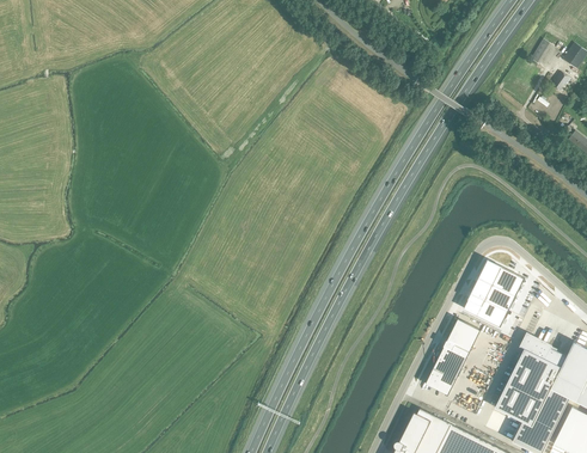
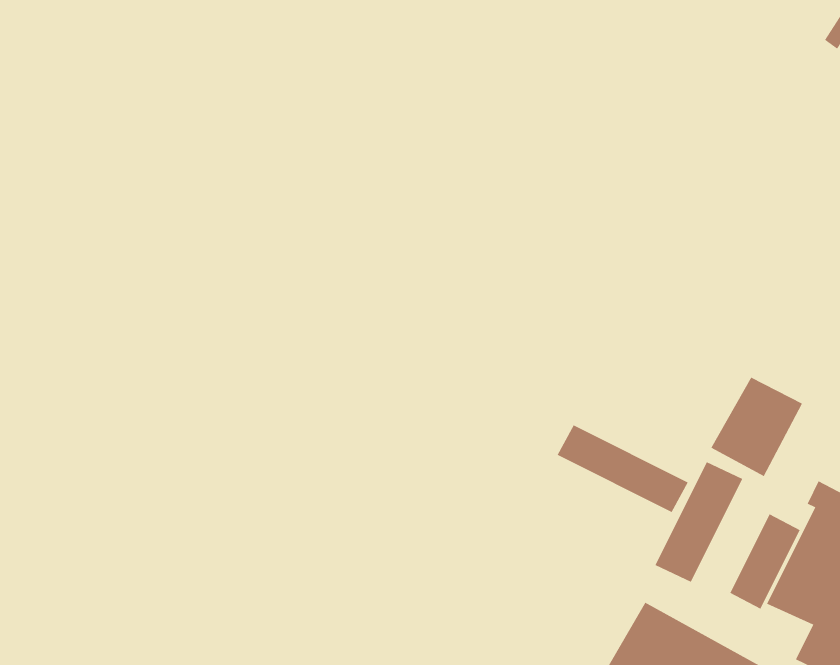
building: none -> [557,425,688,513]
building: none -> [730,513,800,609]

